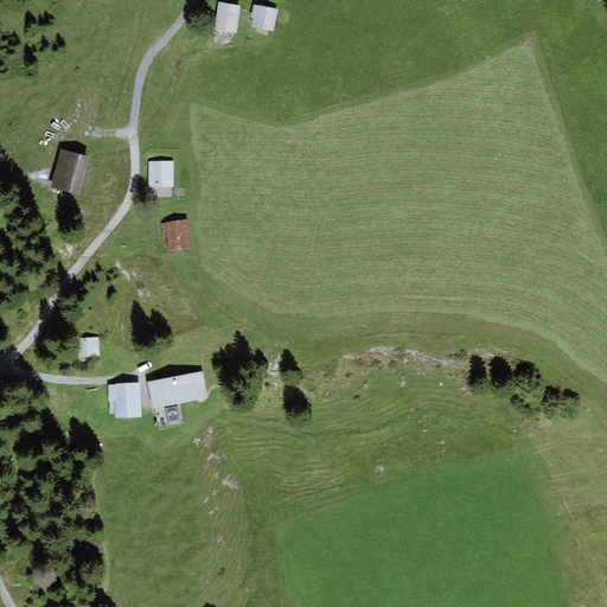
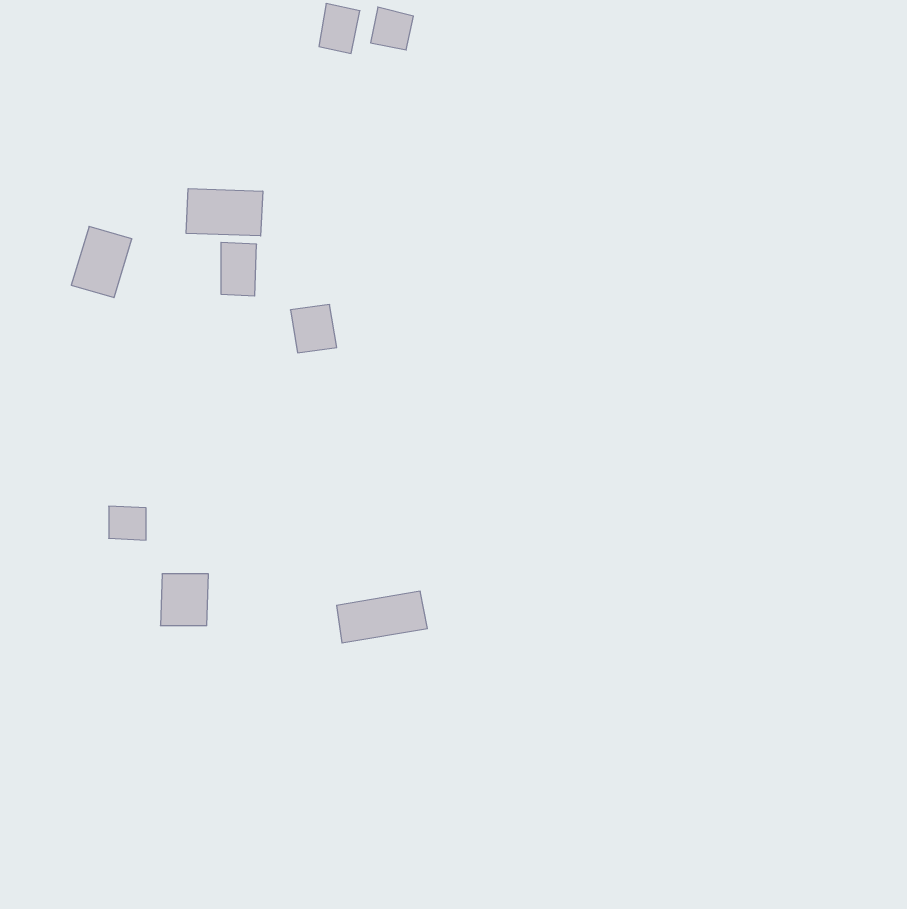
building: none -> [186,189,263,236]
building: [161,219,192,251] -> [290,305,337,353]
building: [147,370,207,404] -> [337,591,427,643]

